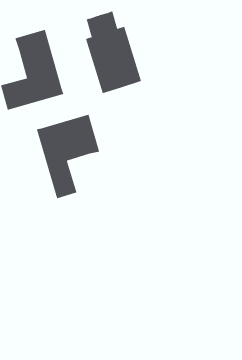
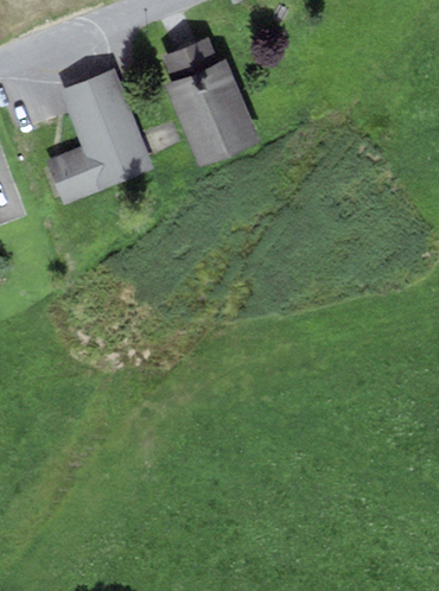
building: [36,114,100,199] -> none

